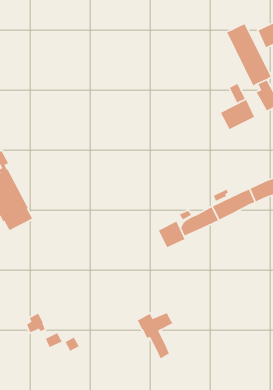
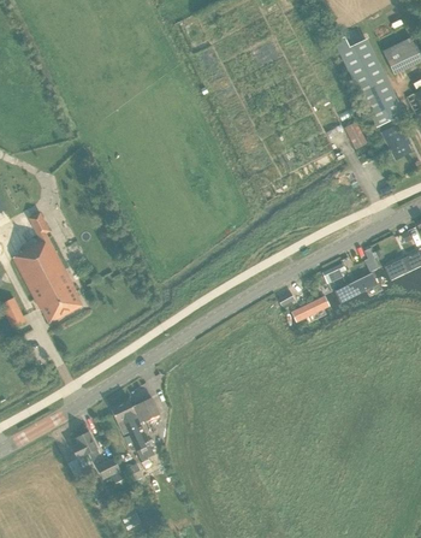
building: [220,99,255,130] -> none
building: [158,220,186,248] -> none
building: [137,312,174,359] -> [111,398,160,462]

